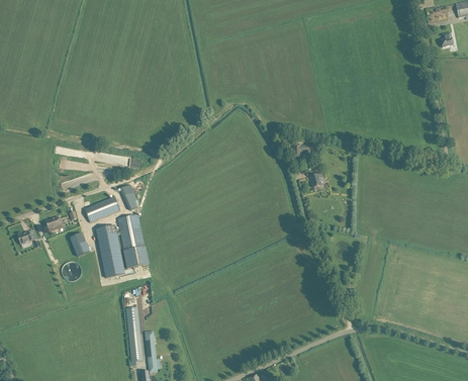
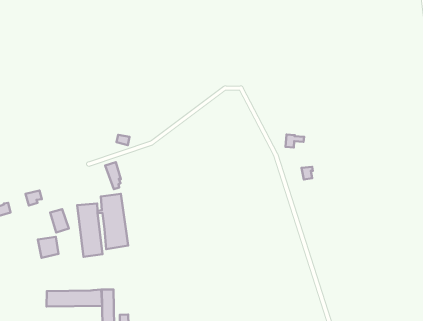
building: [84,195,119,221] -> none
building: none -> [47,290,102,306]

